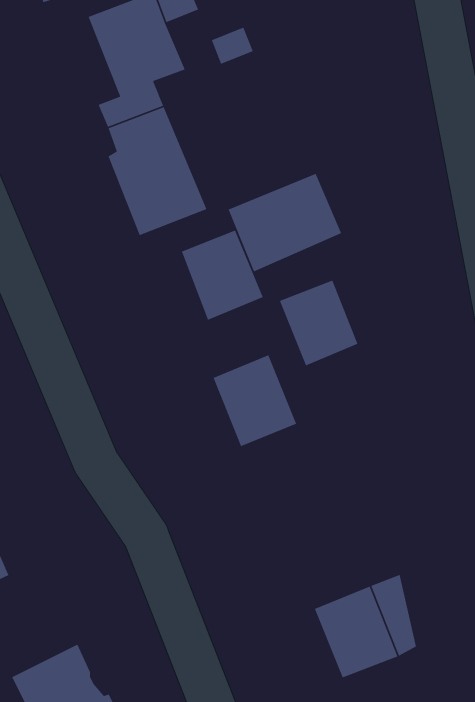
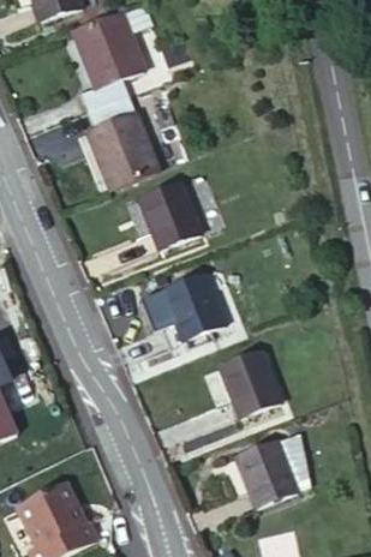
building: [227,173,342,272] -> none
building: [279,279,359,366] -> none
building: none -> [220,349,280,415]

